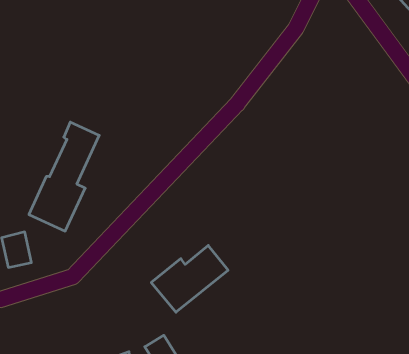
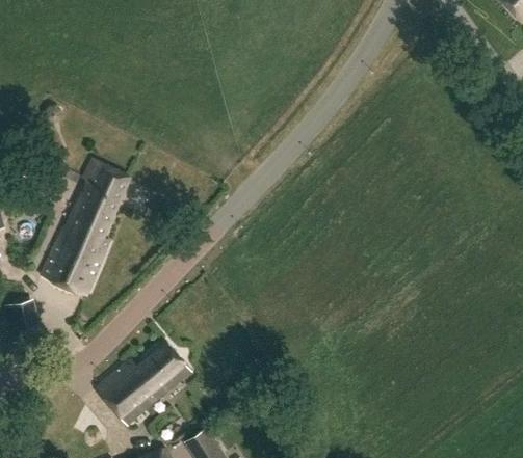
building: [151,245,228,312] -> [97,342,193,426]

